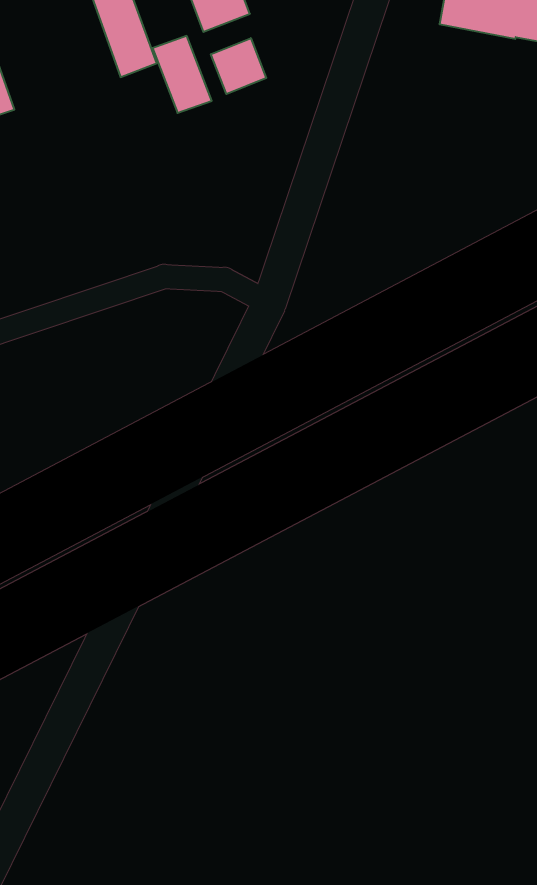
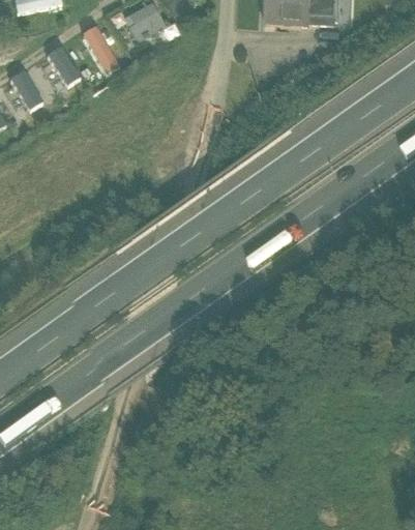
building: [152,36,212,113] -> [47,43,83,86]
building: [211,38,266,94] -> none

